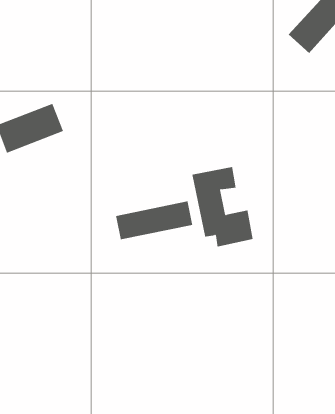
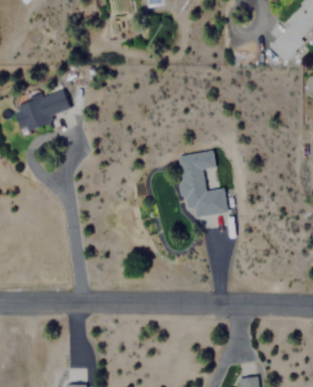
building: [116,201,193,240] -> none

